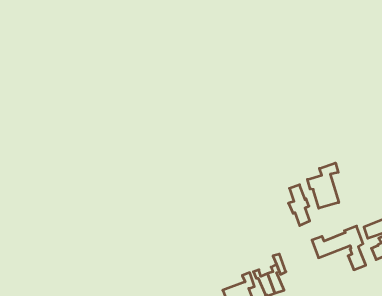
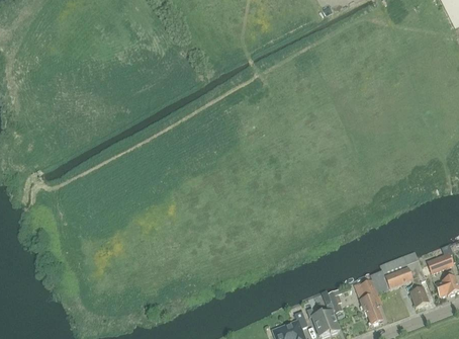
building: [307,163,339,208] -> none
building: [288,185,310,226] -> [359,279,382,324]

